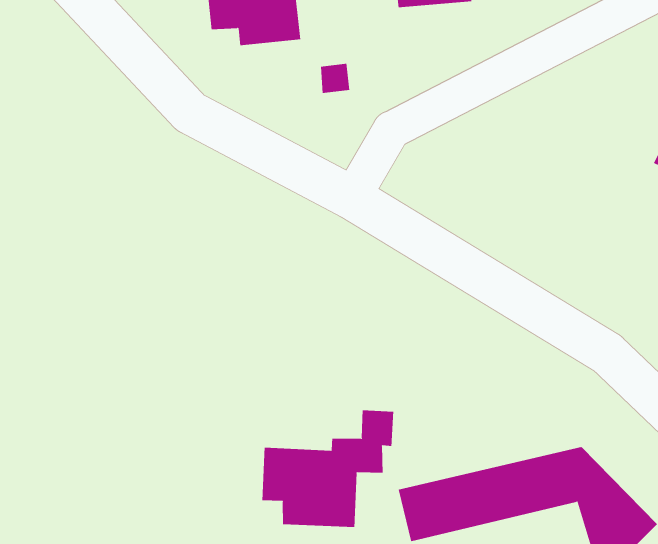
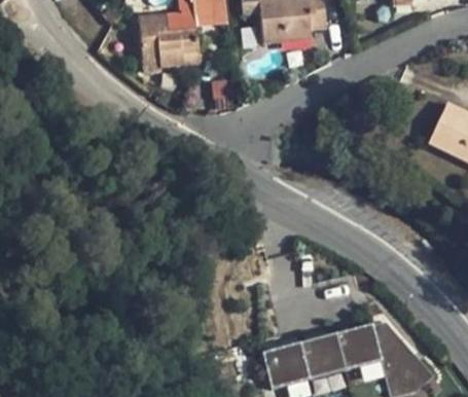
building: [262,409,394,528] -> none

